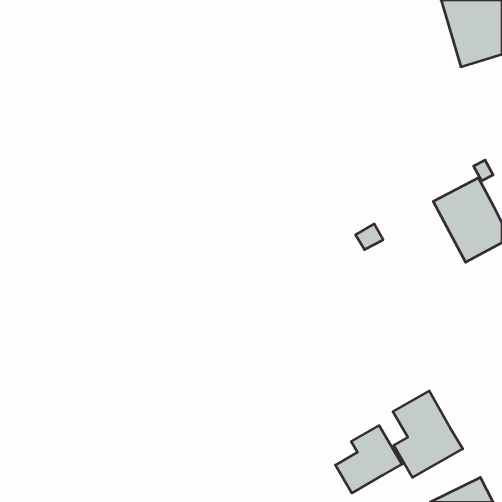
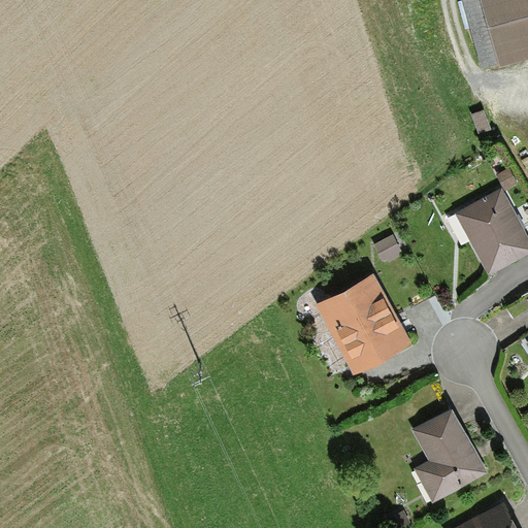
building: none -> [315,273,414,377]
building: [335,426,402,493] -> none

